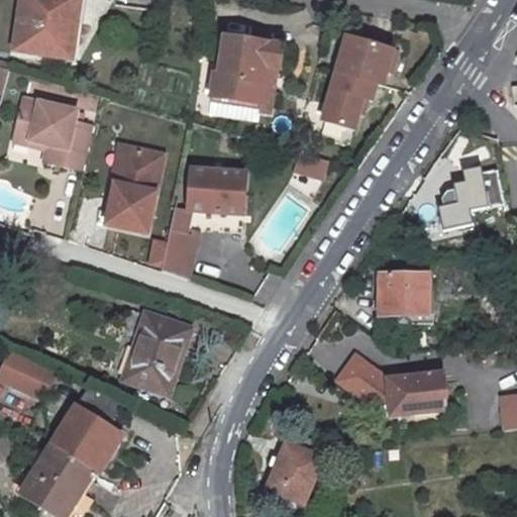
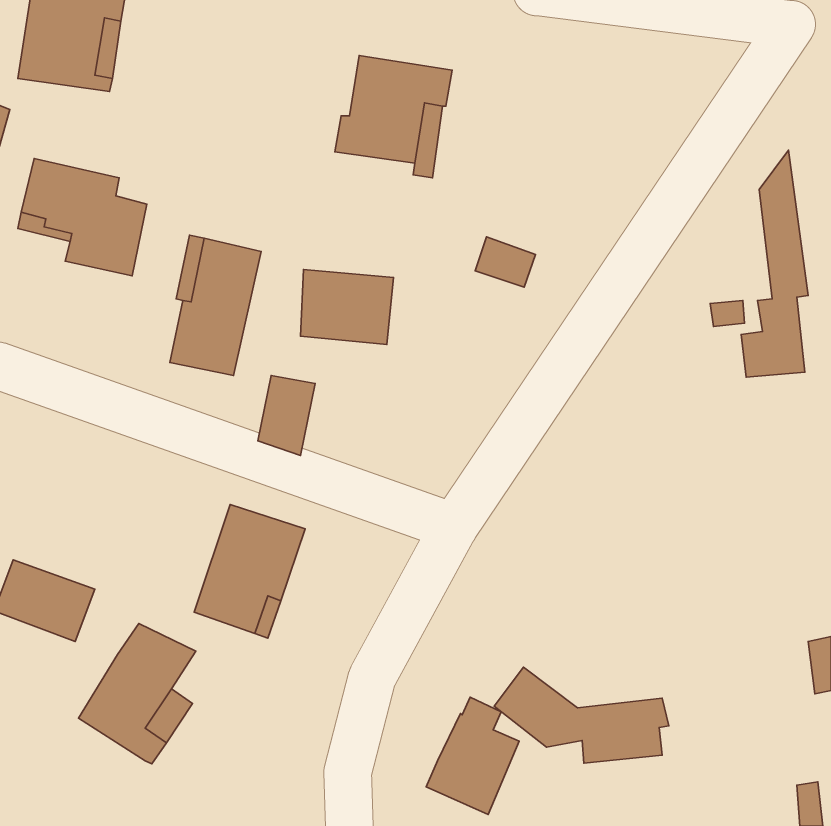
building: [325,29,402,125] -> none
building: [378,260,428,315] -> none
building: [335,353,443,413] -> [494,667,669,763]
building: [17,444,90,505] -> none

